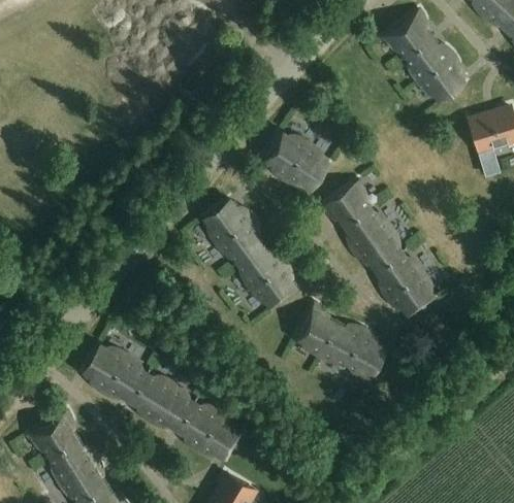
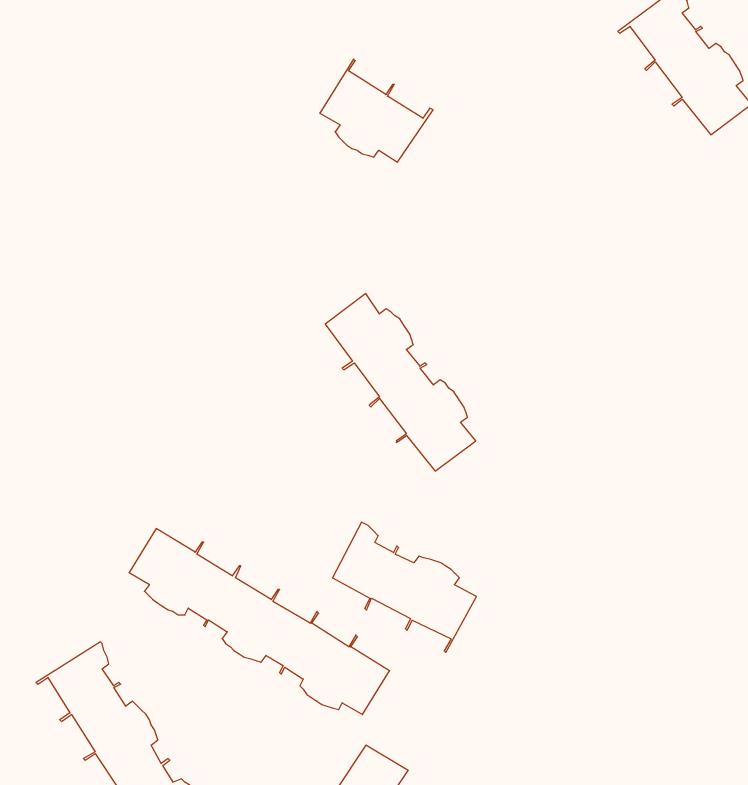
building: [266,126,335,189] -> [320,59,433,162]
building: [322,180,436,315] -> none
building: [297,307,385,387] -> [333,522,476,652]

